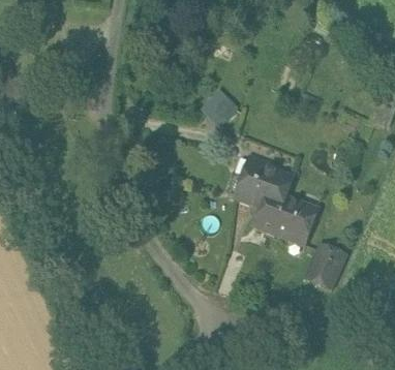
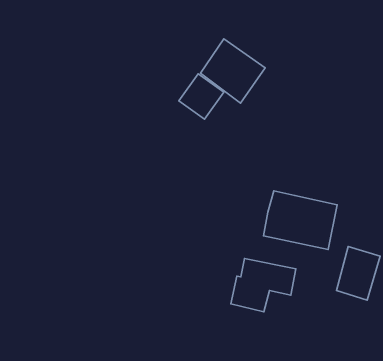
building: none -> [200,39,265,103]
building: [234,161,291,207] -> [231,258,296,312]

